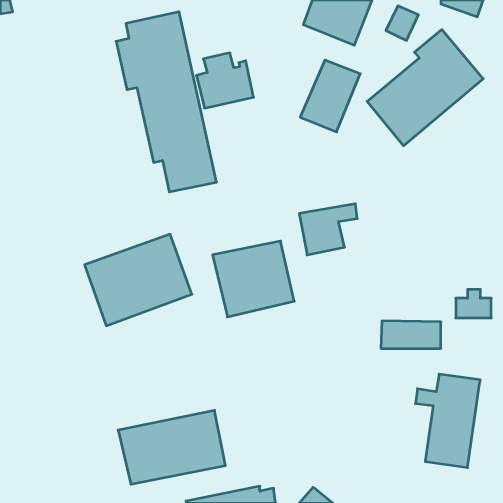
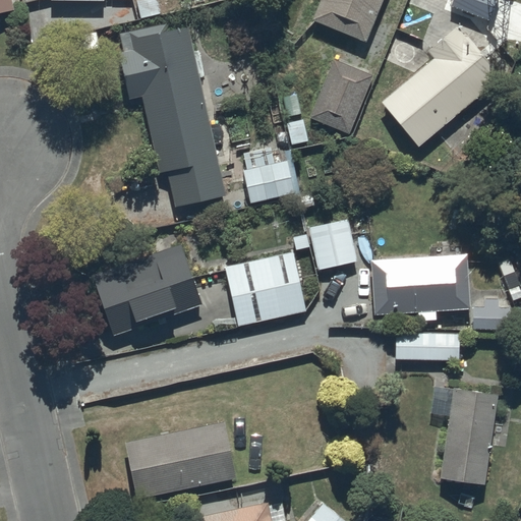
building: [196,53,254,108] -> [242,141,301,198]
building: none -> [371,254,468,322]

